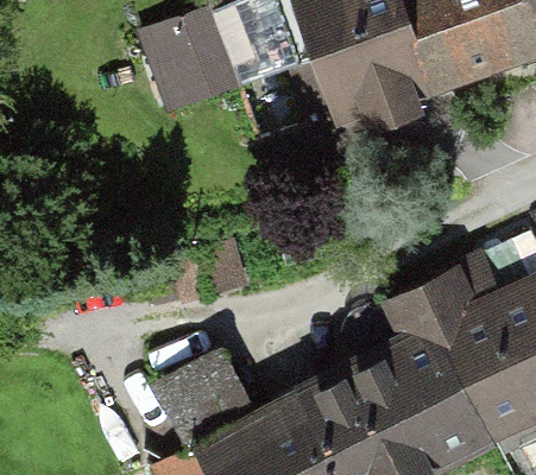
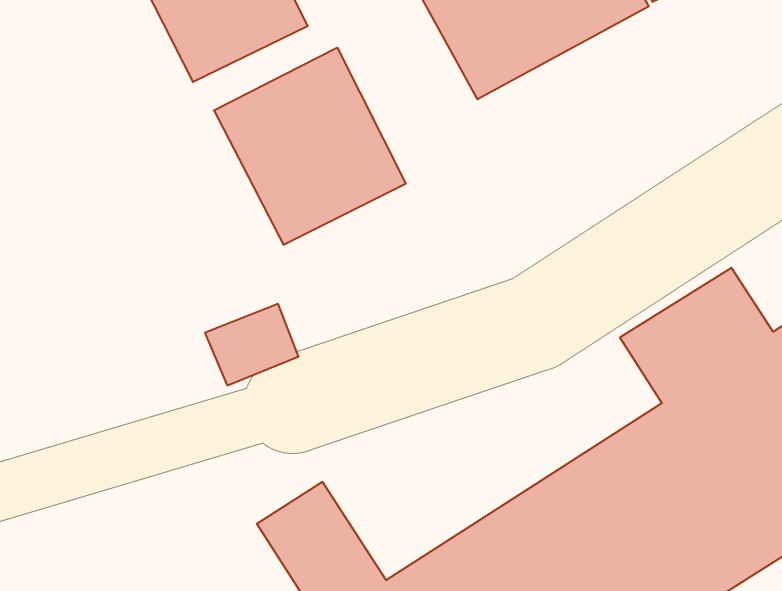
building: none -> [214,48,406,245]

